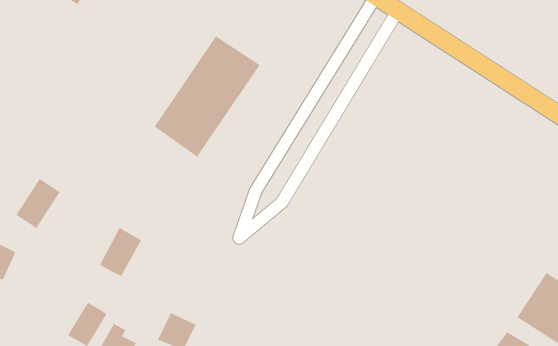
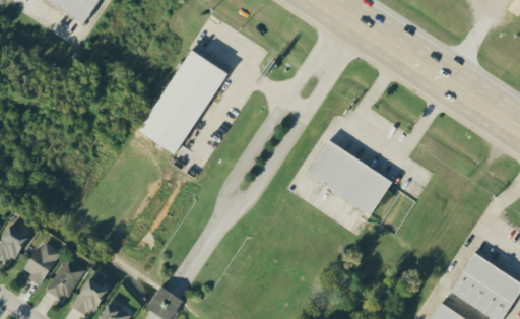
building: none -> [312,139,396,213]
building: [16,178,61,229] -> [21,240,60,283]
building: [99,227,142,277] -> [47,257,83,300]

